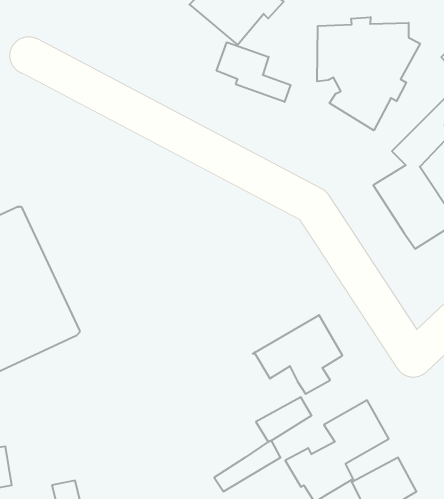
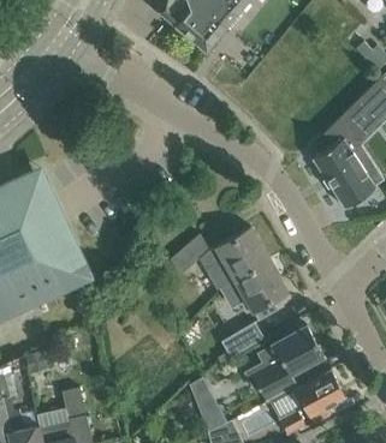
building: [317,17,420,130] -> none
building: [217,42,291,102] -> none
building: none -> [171,228,269,289]

